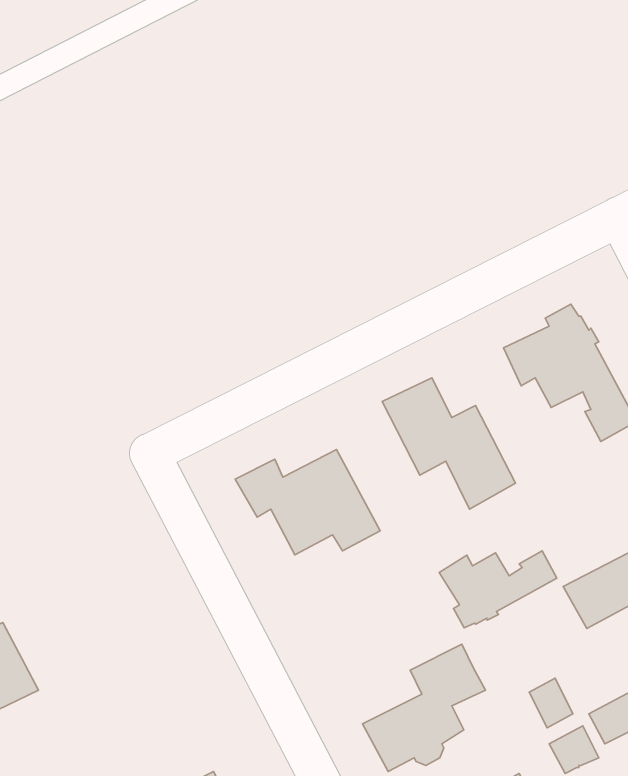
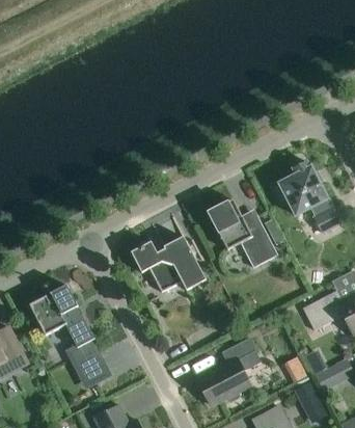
building: none -> [29,286,104,376]
building: [439,551,557,628] -> none

